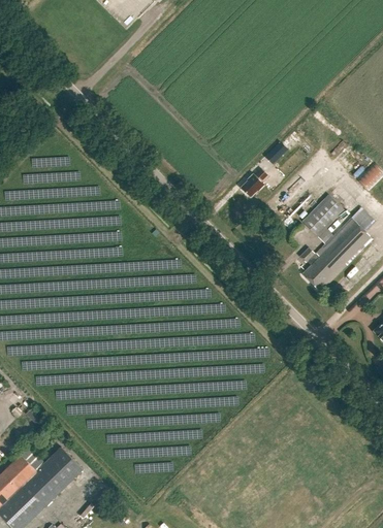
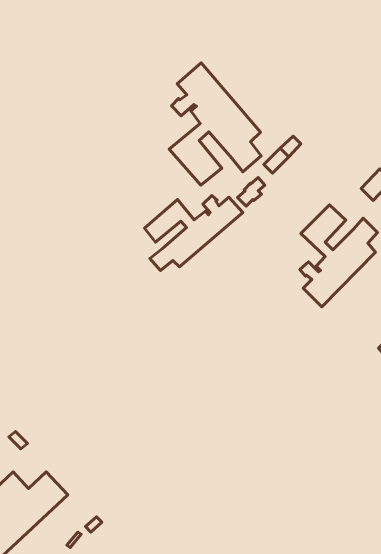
building: none -> [169,63,261,185]
building: none -> [145,196,243,270]

